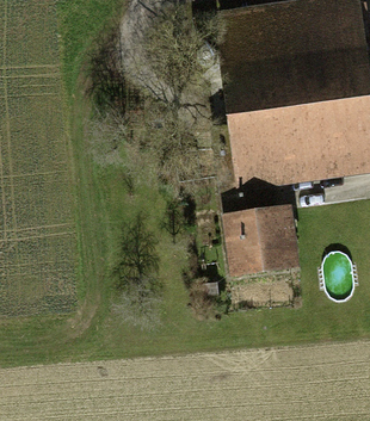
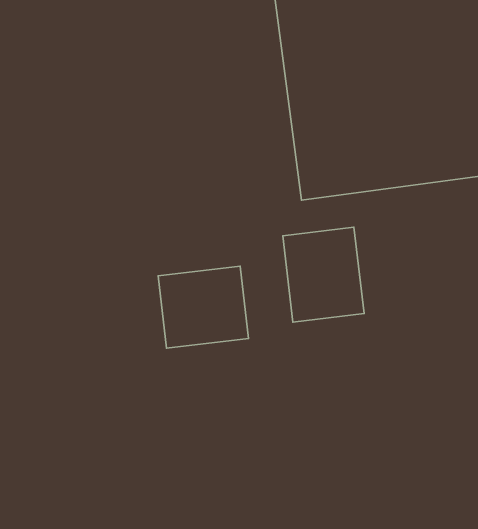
building: none -> [158,266,249,348]

